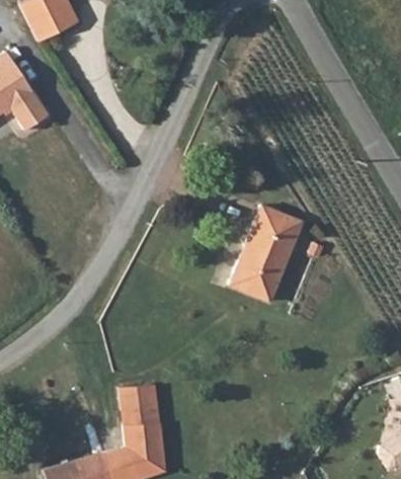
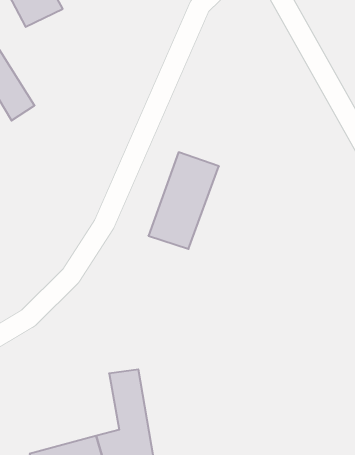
building: [227,203,298,300] -> [148,152,219,249]

